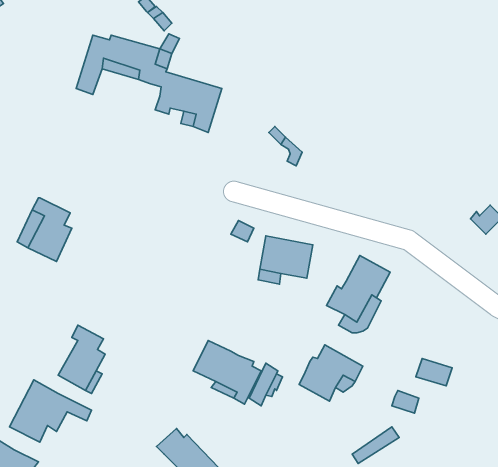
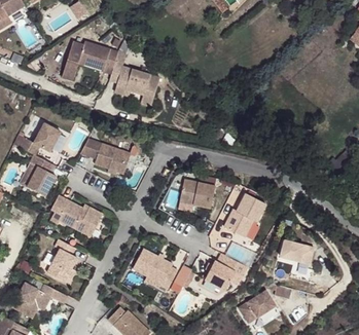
building: none -> [12,118,60,151]
building: none -> [82,135,133,171]
building: none -> [52,191,105,232]
building: none -> [281,234,315,260]
building: none -> [238,287,275,319]

